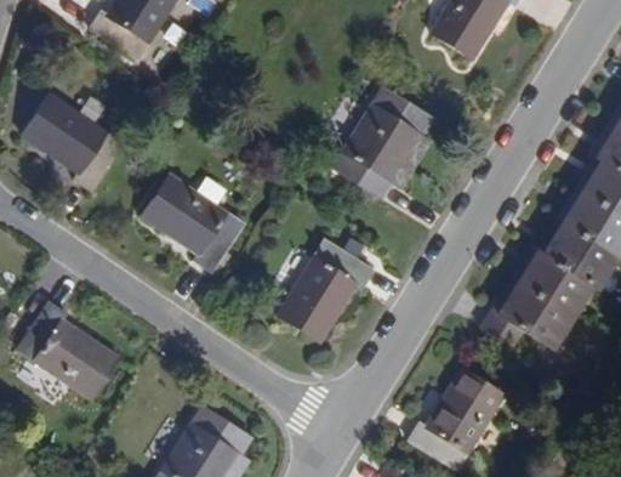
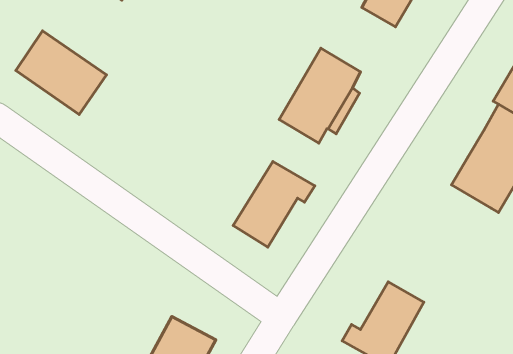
building: [135,155,245,259] -> none
building: [475,254,585,350] -> none
building: [21,316,120,415] -> none

